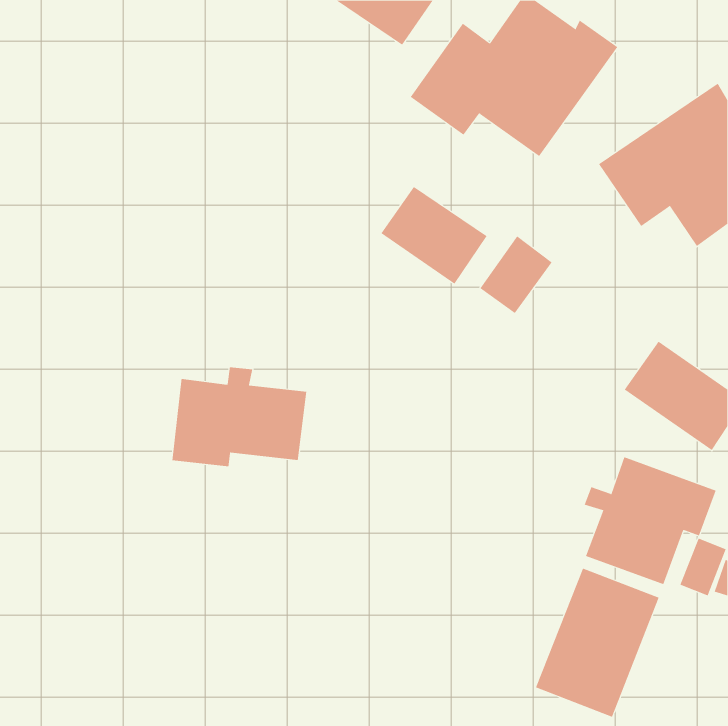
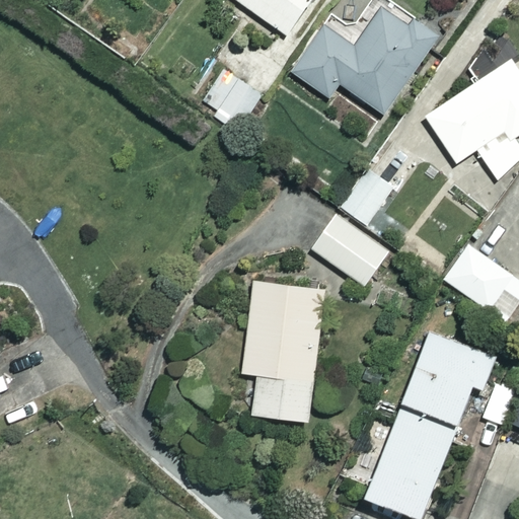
building: none -> [204,70,255,130]
building: [381,186,488,285] -> [311,215,387,285]
building: [172,366,307,467] -> none
building: none -> [242,281,323,420]

